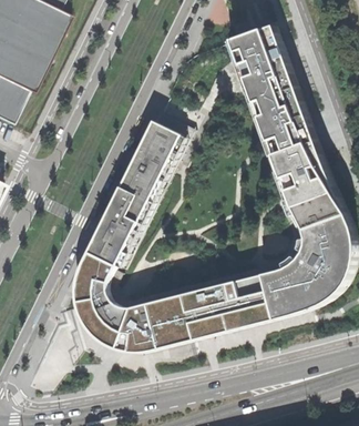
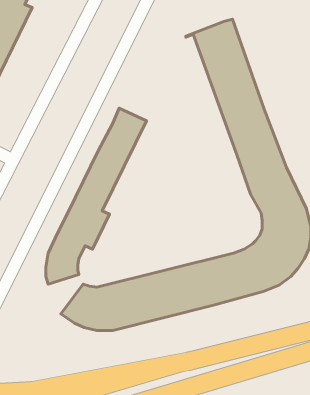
building: [79,293,115,334] -> none

